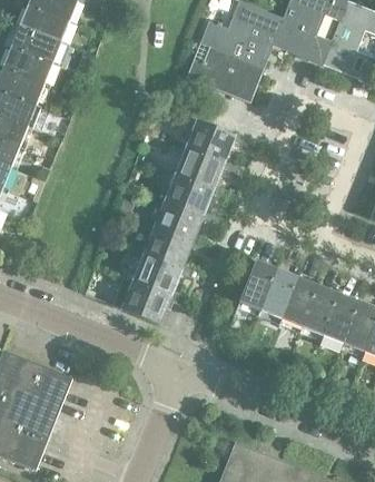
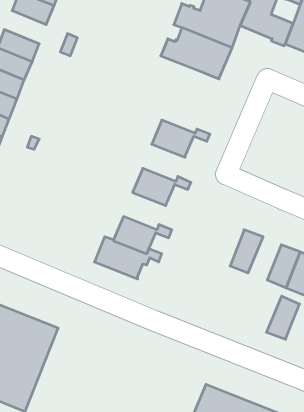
building: [11,27,58,63] -> none
building: [186,120,250,163] -> none
building: [165,175,228,216] -> none
building: [144,228,207,269] -> none
building: [238,259,277,309] -> none
building: [282,277,318,325] -> [266,296,300,339]

